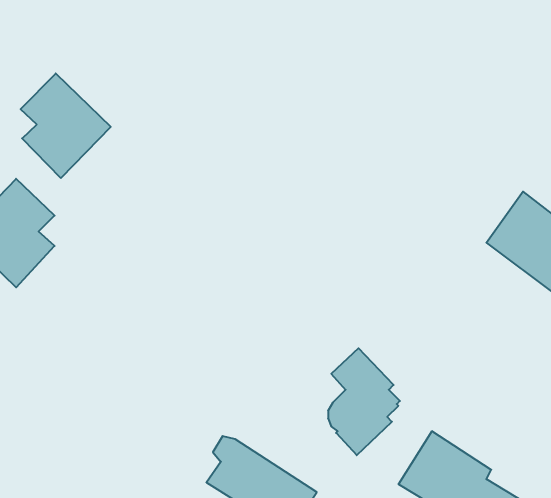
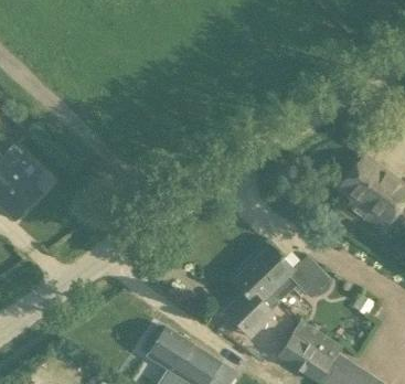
building: [21,73,111,178] -> none
building: none -> [251,245,329,300]

